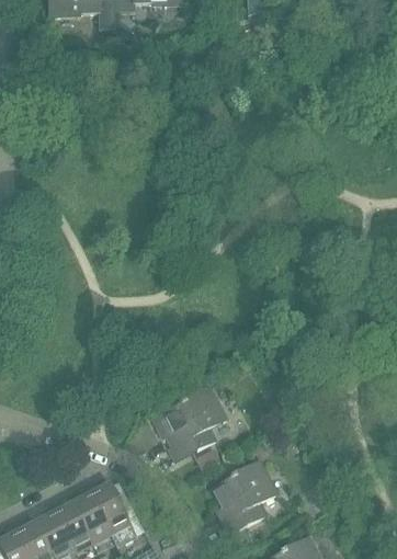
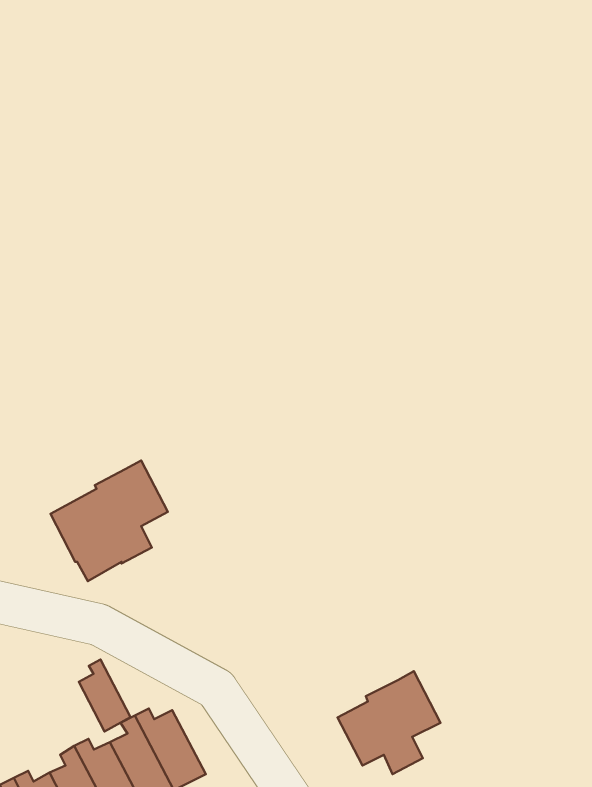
building: [154,387,226,461] -> [50,460,168,581]
building: none -> [79,660,131,731]

